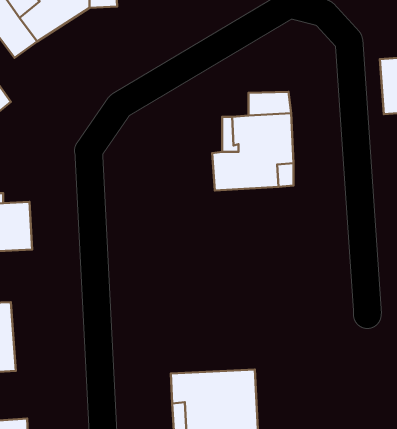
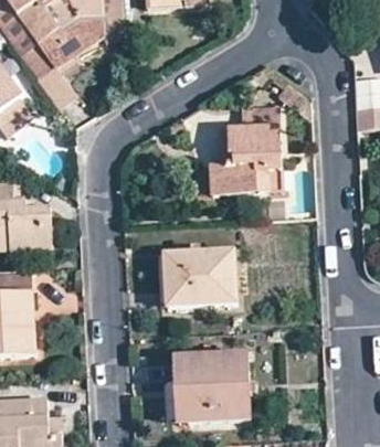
building: none -> [162,251,238,306]

